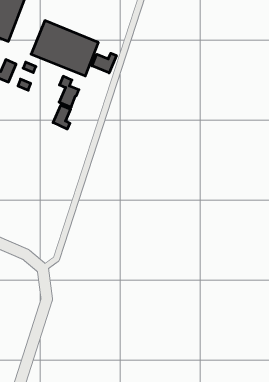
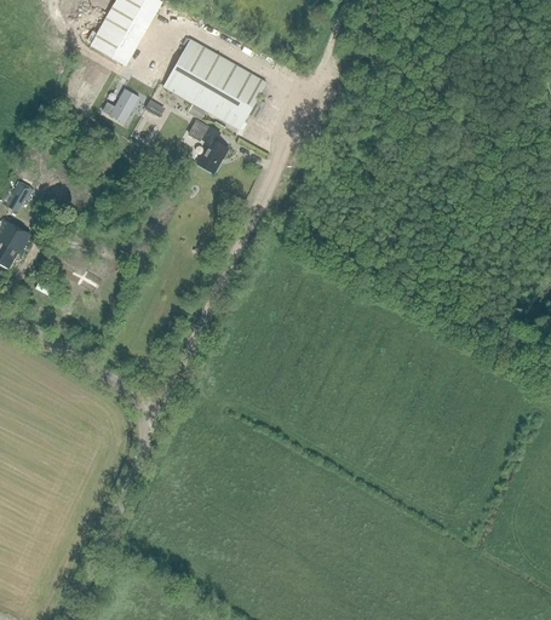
building: [92,53,116,73] -> none
building: [53,105,71,129] -> none

